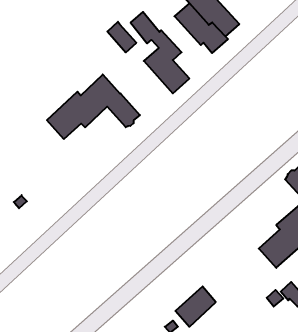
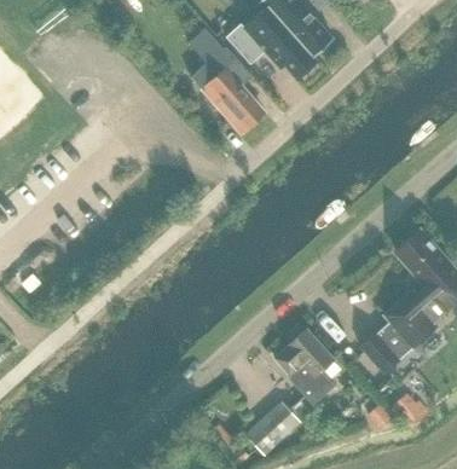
building: [107,22,136,52] -> [227,23,267,65]
building: [47,74,140,139] -> none
building: none -> [274,328,335,404]

